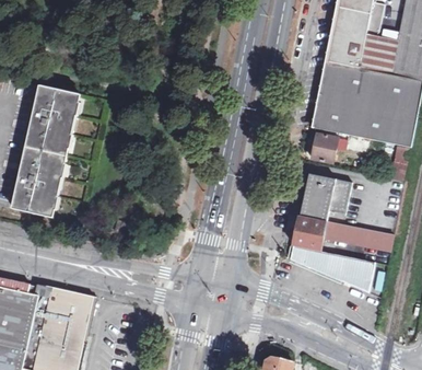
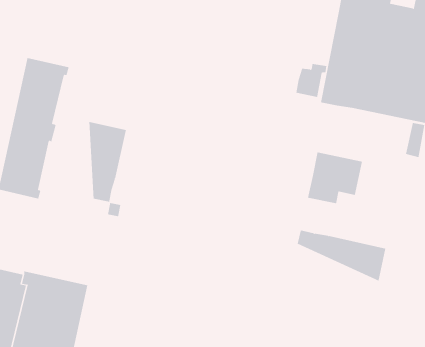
building: [312,129,341,161] -> [295,63,327,98]
building: none -> [89,121,126,203]
building: [293,215,394,250] -> none

